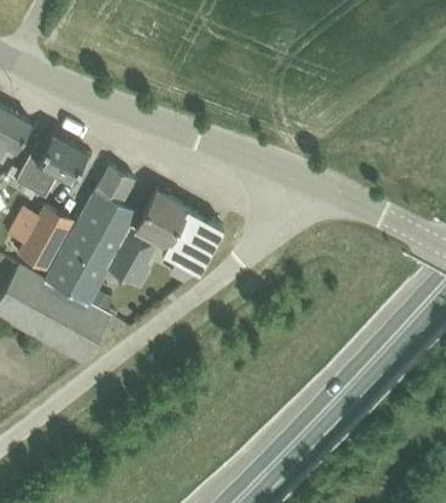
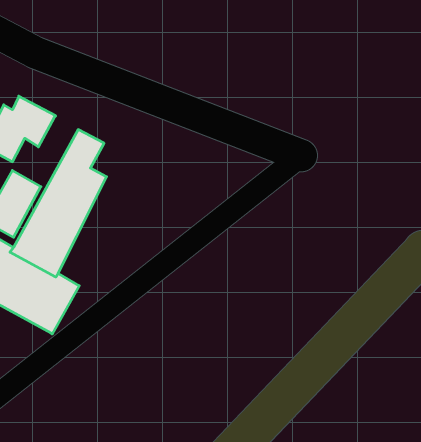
building: [108,191,224,289] -> none

